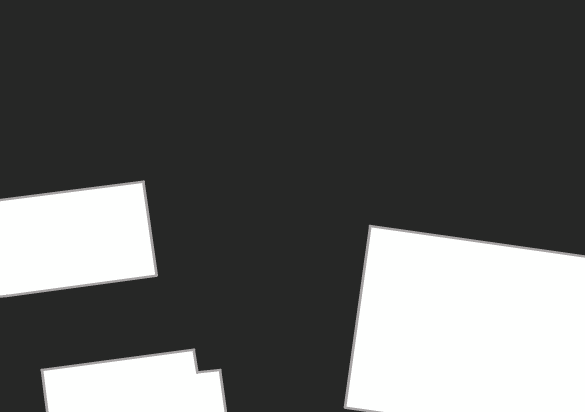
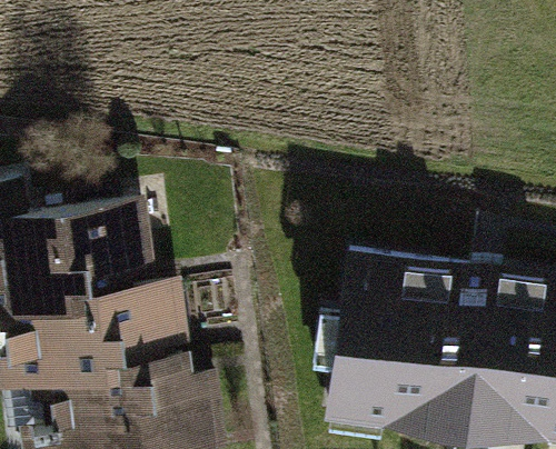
building: none -> [11,293,185,387]

